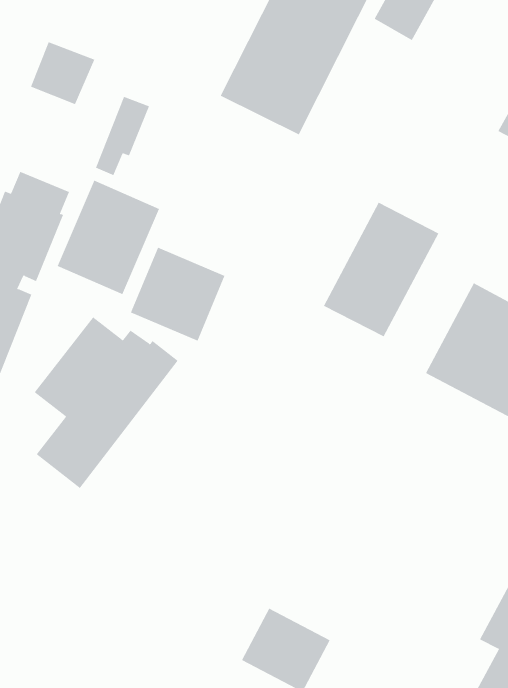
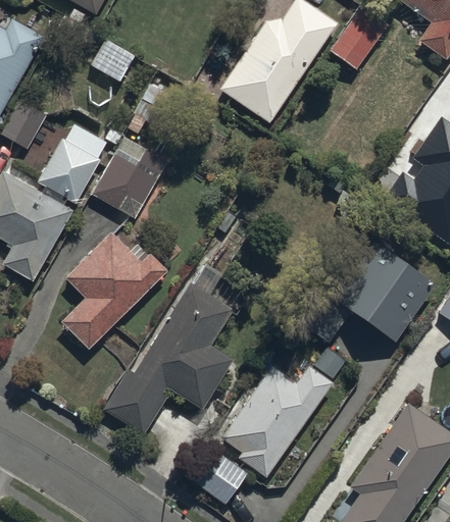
building: [323,202,439,337] -> none
building: [130,247,225,341] -> none
building: none -> [103,281,234,435]
building: none -> [220,365,334,476]

